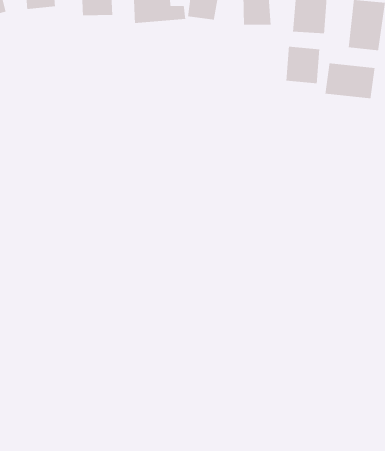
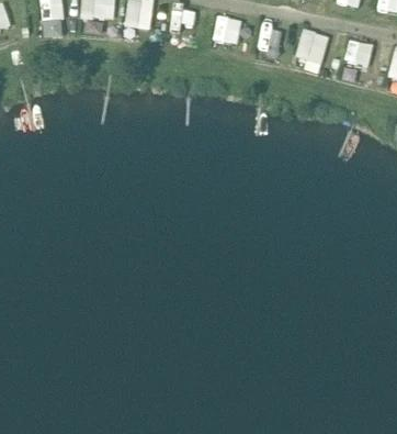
building: [286,46,320,84] -> none
building: [324,62,375,99] -> none

